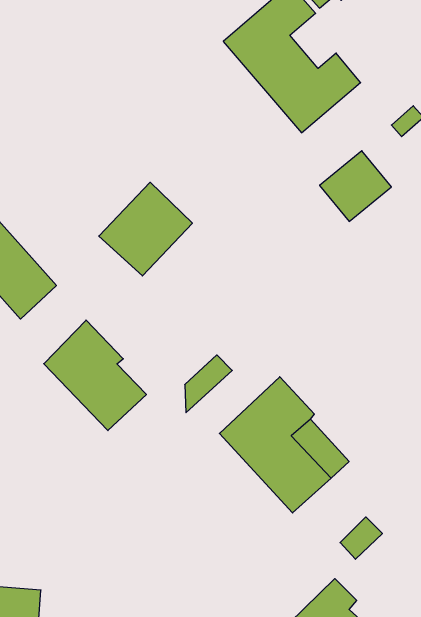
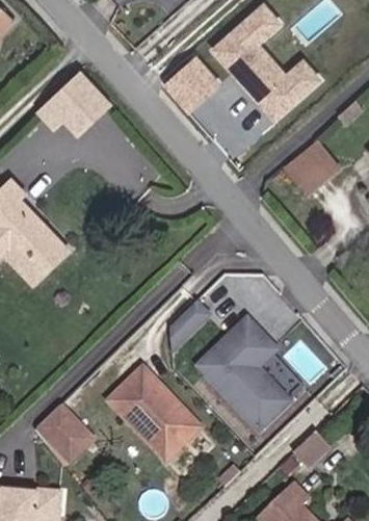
building: none -> [158,57,215,113]
building: [99,182,192,276] -> [33,70,109,146]
building: [44,320,146,431] -> [112,367,195,457]
building: none -> [37,407,94,463]

